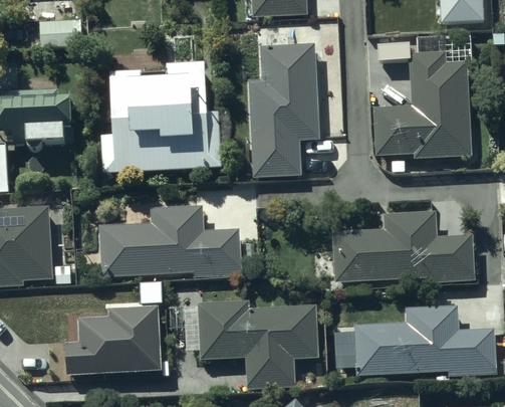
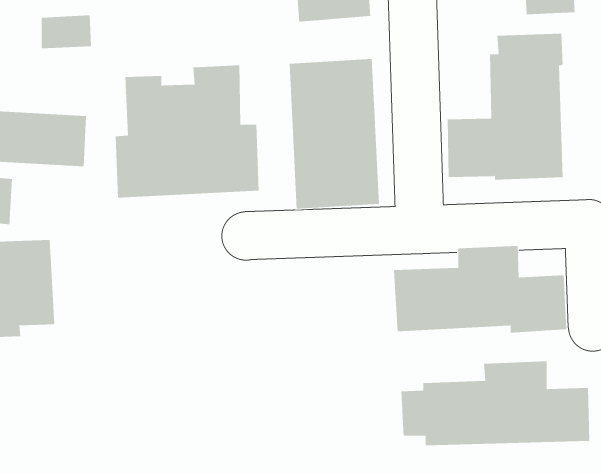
building: [100,205,239,276] -> none
building: [187,299,318,388] -> none
building: [66,306,160,373] -> none

